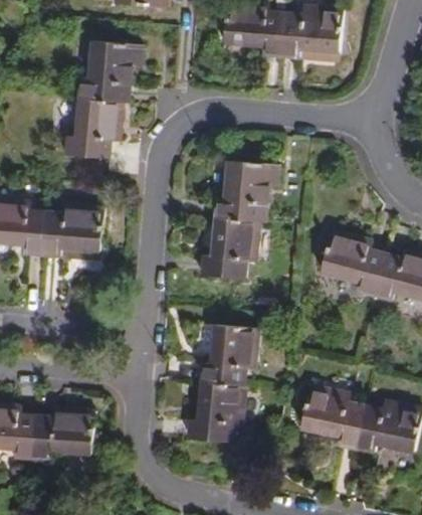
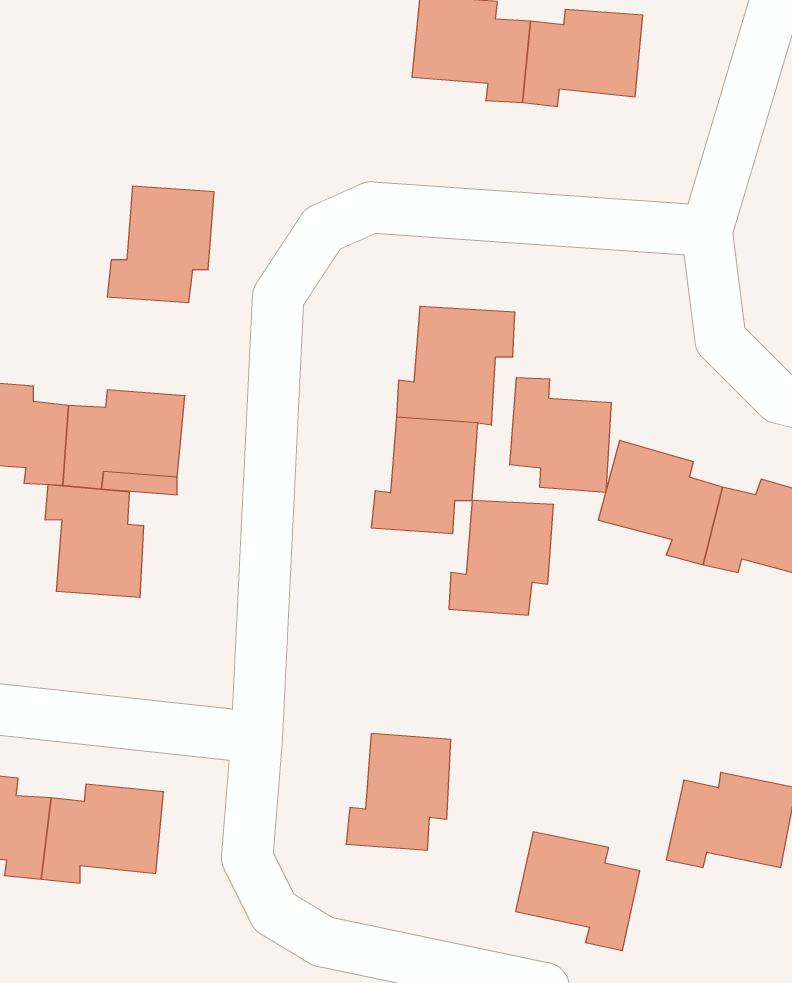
building: [78,41,142,104] -> none
building: none -> [510,377,611,492]
building: none -> [45,484,144,598]
building: [202,327,256,386] -> [449,501,554,615]
building: [299,387,364,449] -> [516,832,640,950]

